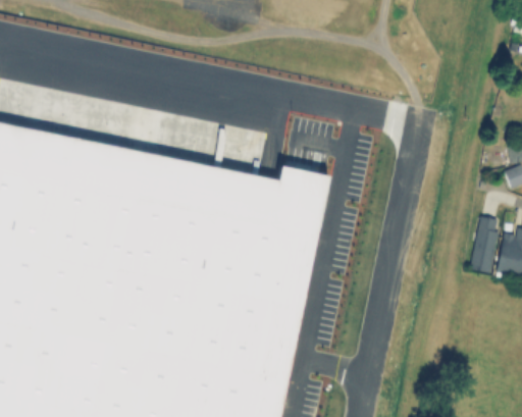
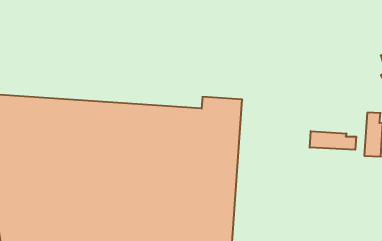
building: none -> [310,131,356,150]

